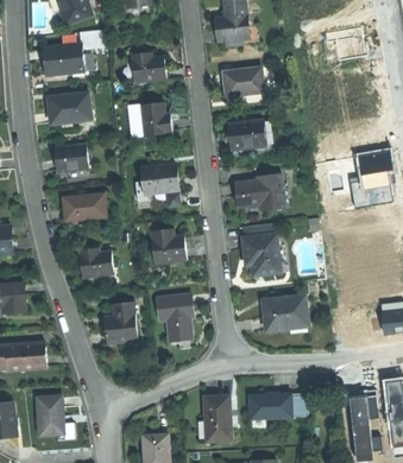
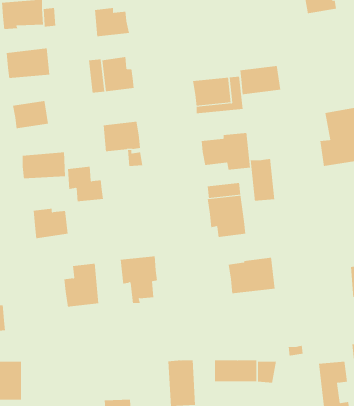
building: [223,68,264,96] -> [240,65,281,95]
building: none -> [250,158,275,202]
building: [150,228,185,262] -> [67,166,104,202]

